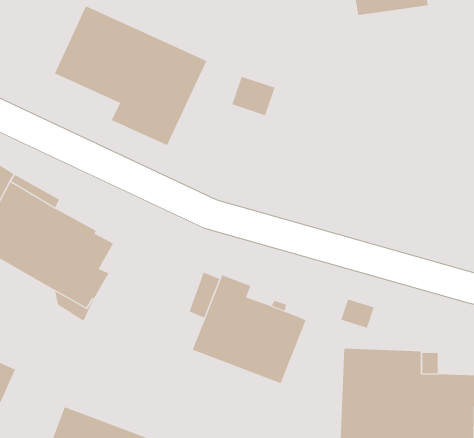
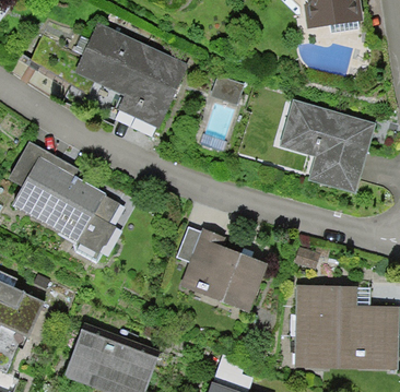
building: none -> [279,98,376,193]

